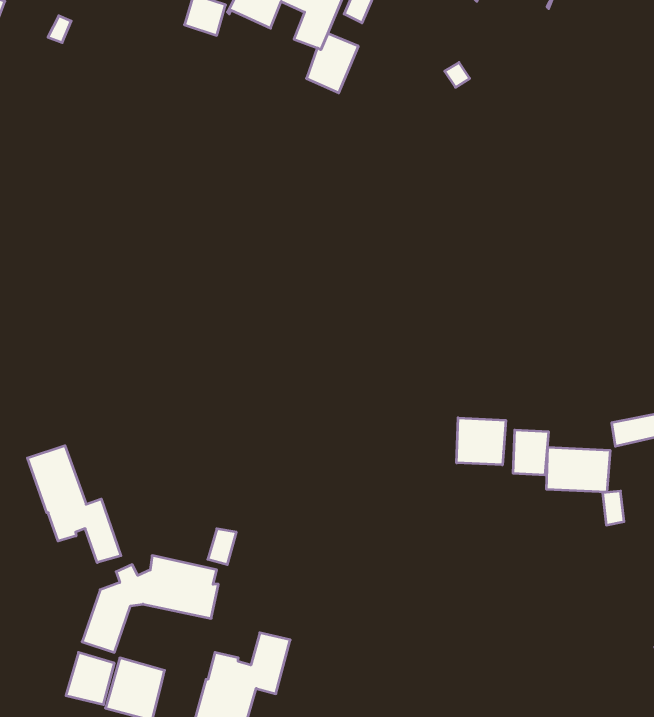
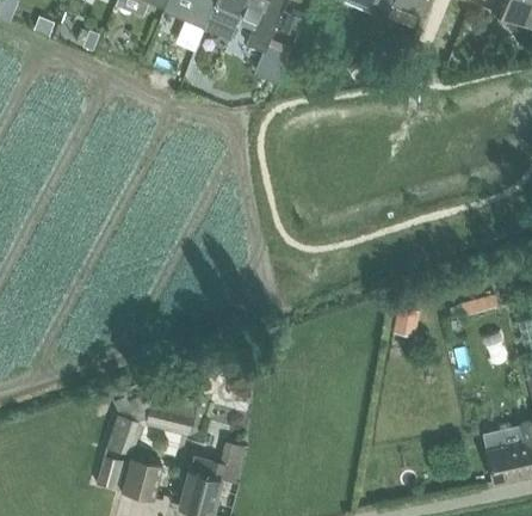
building: [457,418,506,465] -> none
building: [27,446,121,563] -> none
building: [547,447,610,492] -> none

